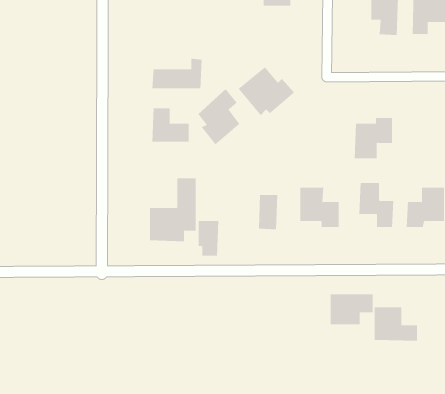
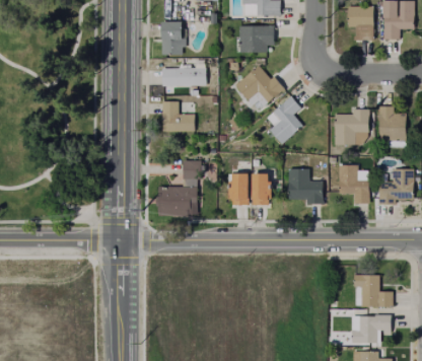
building: none -> [162,23,185,48]
building: none -> [239,26,275,54]
building: [197,88,240,145] -> [266,96,302,145]
building: none -> [379,107,405,148]
building: [198,220,219,256] -> [229,175,248,206]
building: [330,294,374,325] -> [349,312,386,339]

